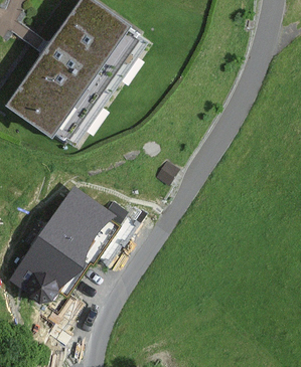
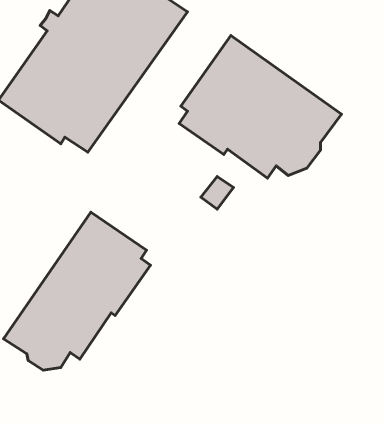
building: none -> [179,36,341,178]

